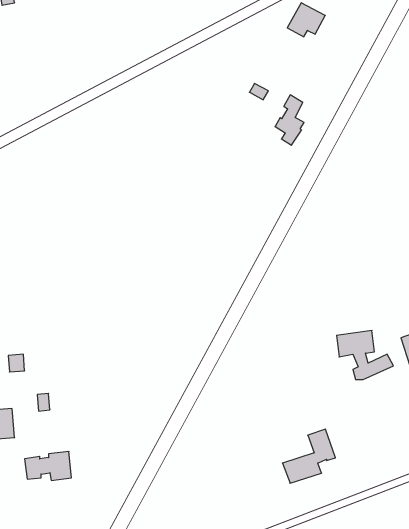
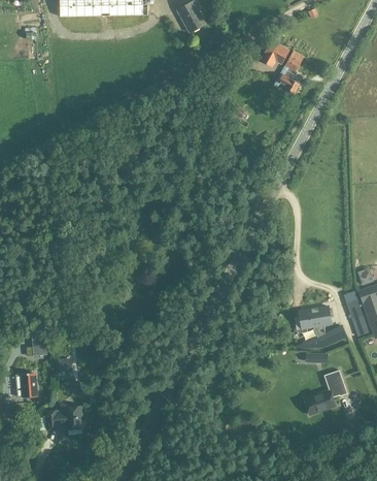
building: [275,95,304,145] -> [277,55,301,96]
building: [282,429,335,483] -> [303,368,346,413]

